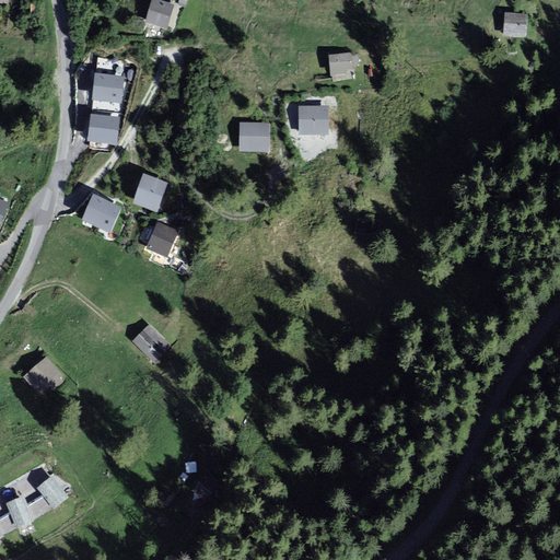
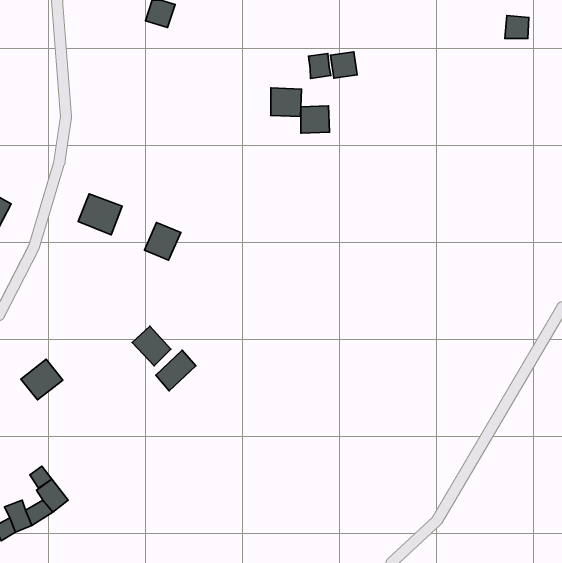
building: none -> [308,53,331,79]
building: [88,73,121,150] -> none
building: [240,122,270,151] -> [271,88,302,117]
building: [133,174,166,211] -> none
building: none -> [156,350,196,391]

